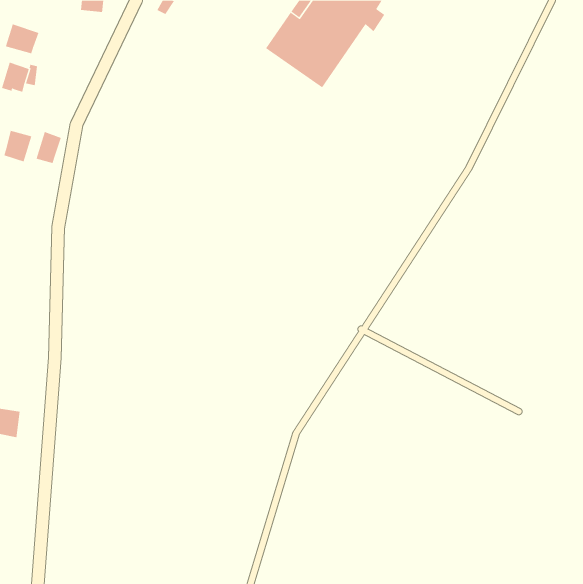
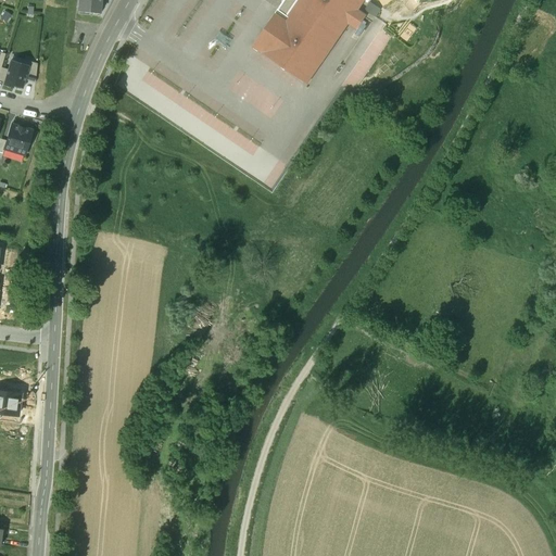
building: [5,23,39,54] -> none
building: [36,131,62,164] -> none

